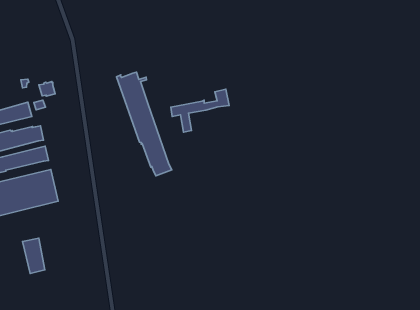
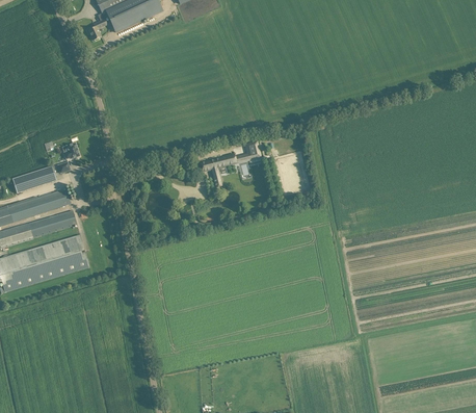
building: [117,72,172,176] -> none
building: [23,238,45,273] -> none

